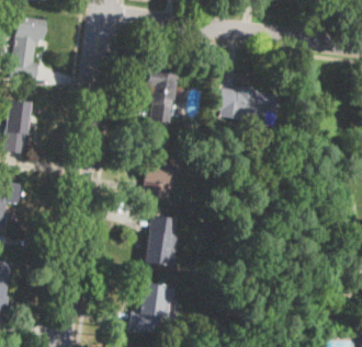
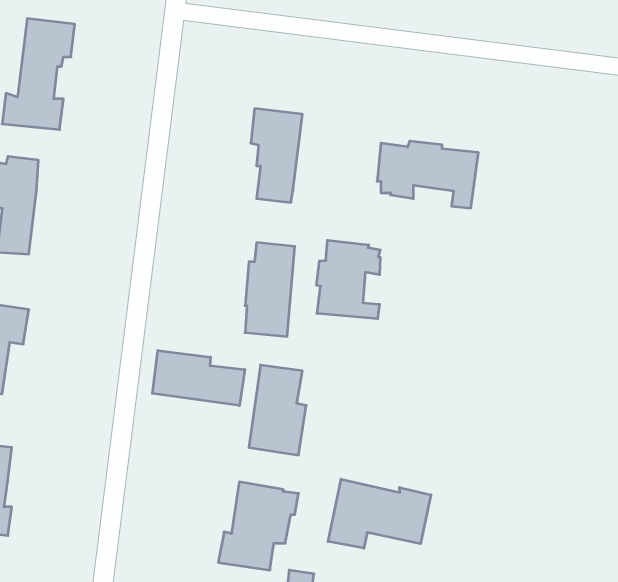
building: none -> [317,240,380,319]
building: none -> [152,350,245,406]
building: none -> [328,479,431,548]

